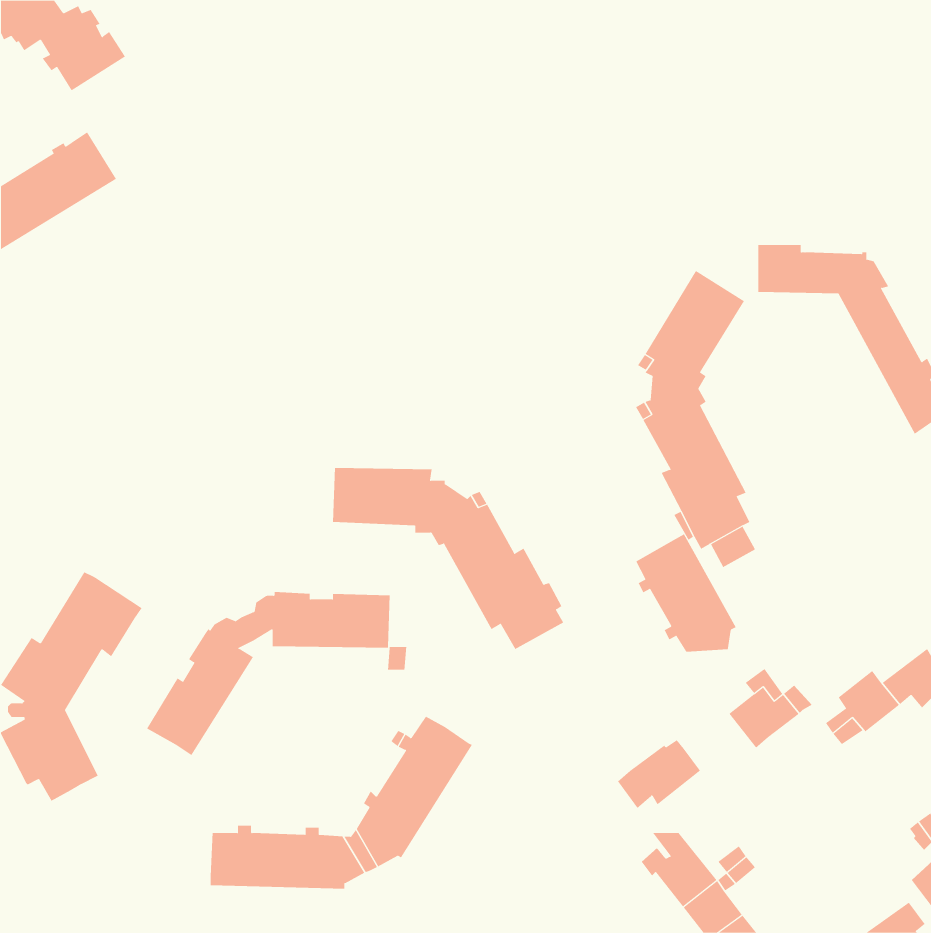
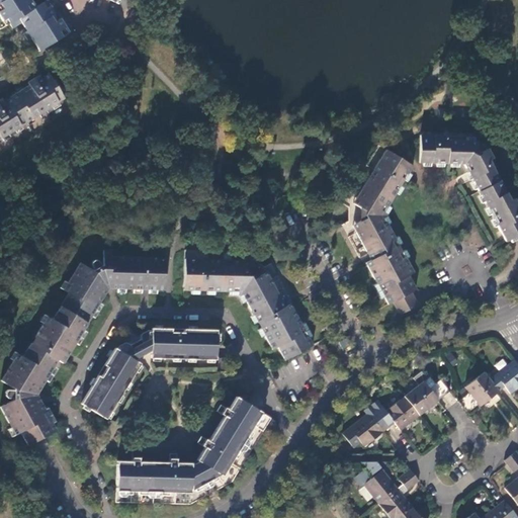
building: none -> [54,251,166,337]
building: [635,534,736,652] -> none
building: none -> [380,396,420,429]

